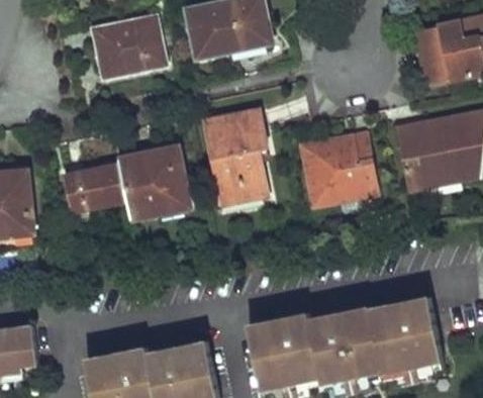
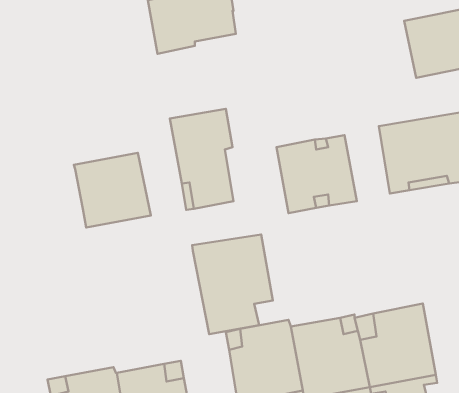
building: [87,17,161,78] -> none
building: [59,166,124,214] -> none
building: none -> [192,234,273,334]

